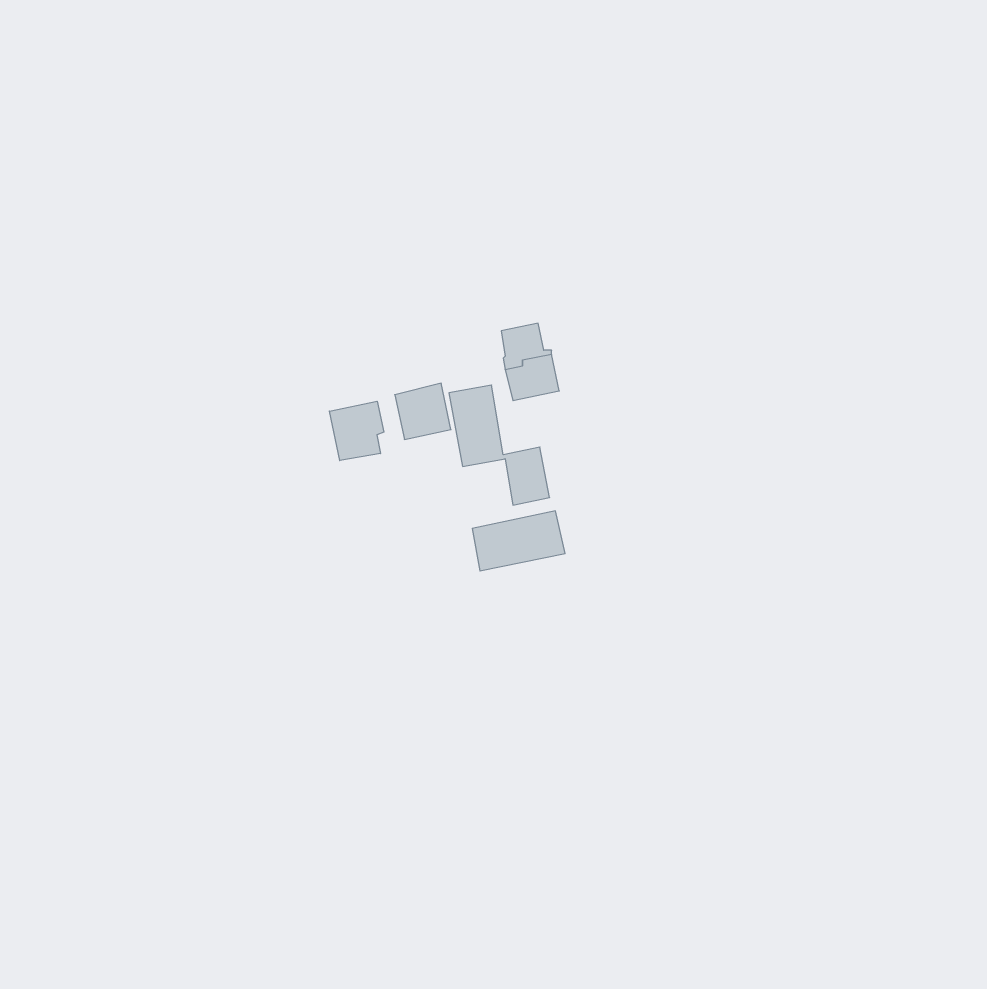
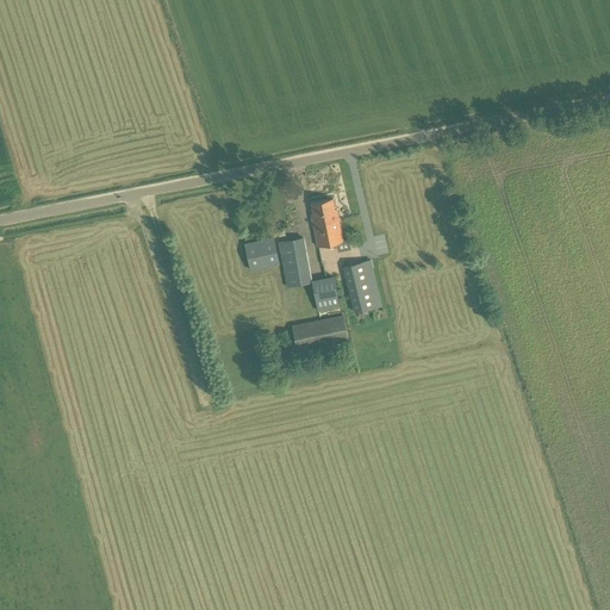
building: [329,401,384,461] -> none
building: none -> [342,259,381,312]

